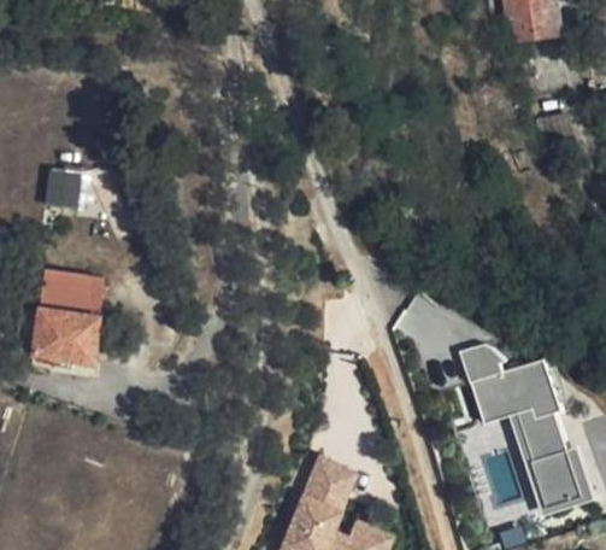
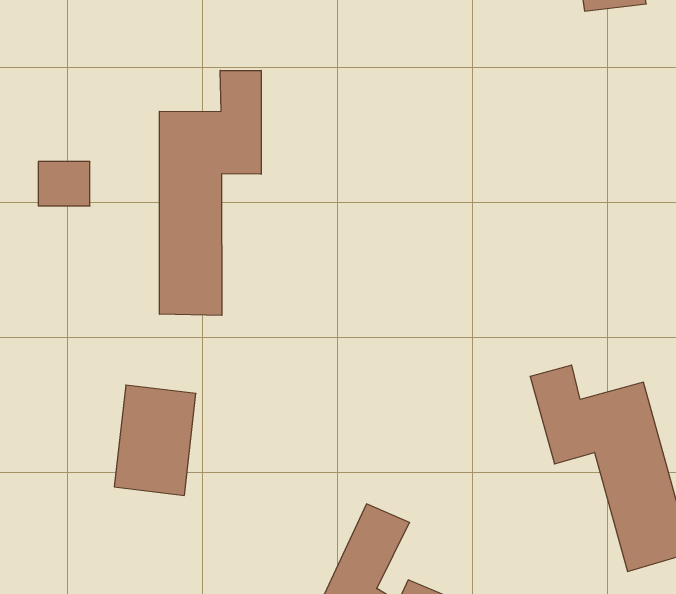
building: none -> [159,70,261,315]
building: [31,275,100,368] -> [114,385,196,495]

